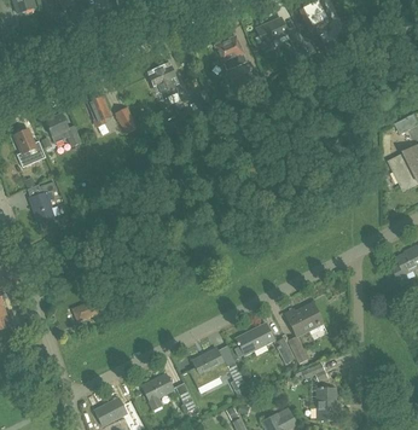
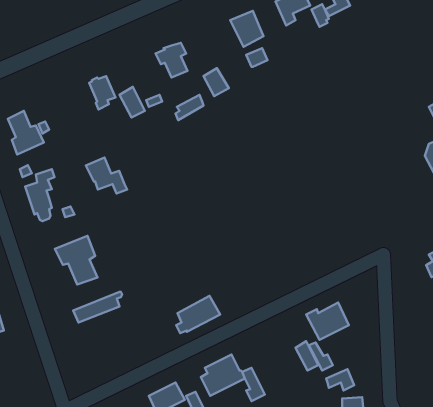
building: [43,112,81,145] -> [86,158,127,194]
building: none -> [55,236,97,285]
building: [234,321,274,355] -> [176,296,220,333]

